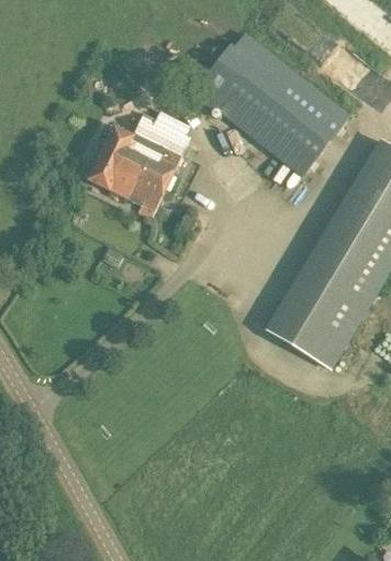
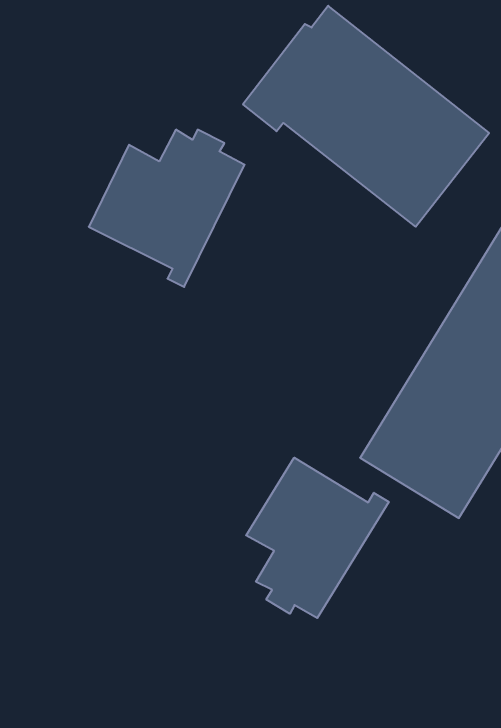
building: none -> [246,458,389,618]

